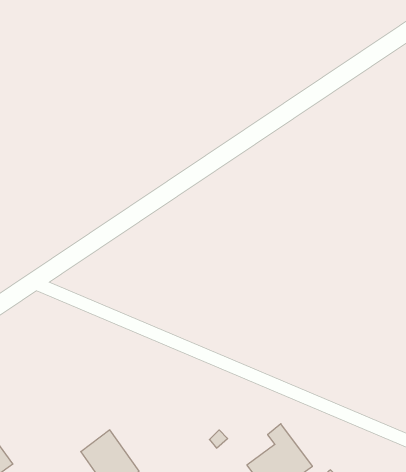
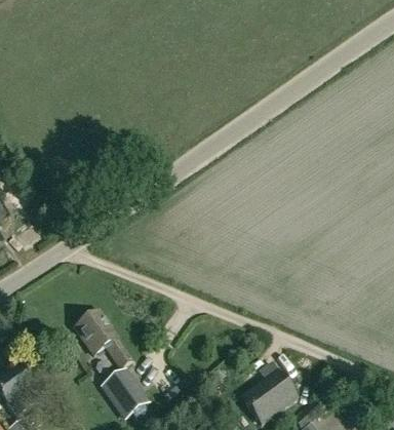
building: none -> [75,309,133,367]

